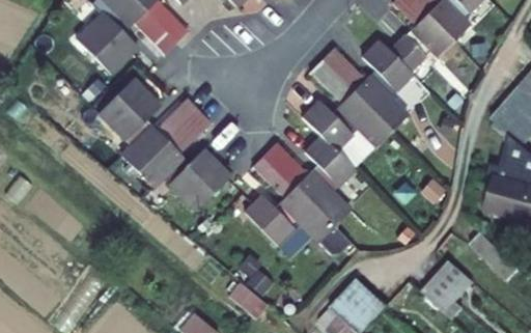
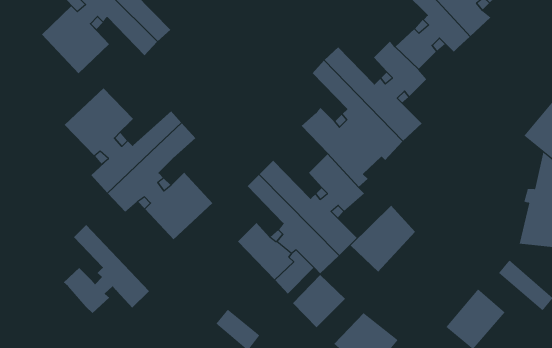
building: none -> [350,205,416,272]
building: none -> [63,224,150,314]
building: none -> [292,274,346,328]

